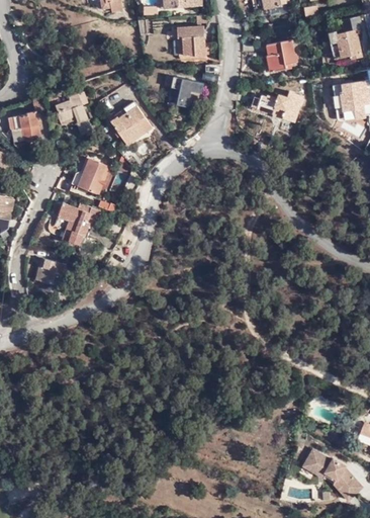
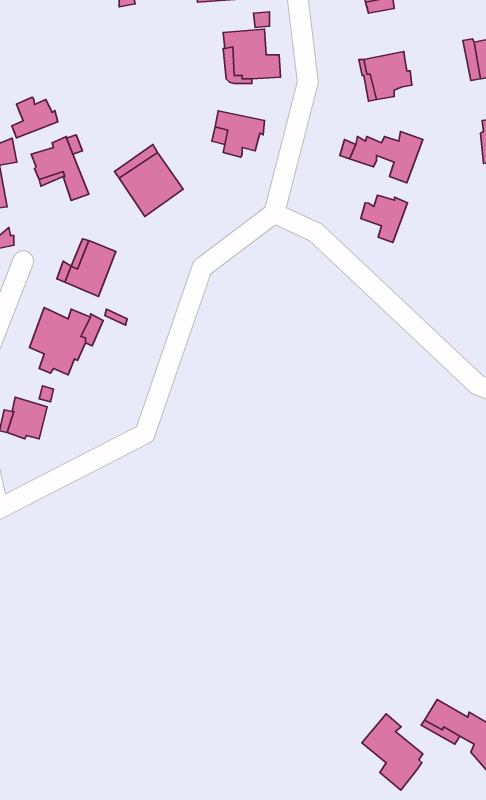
building: none -> [12,97,58,138]
building: none -> [361,195,407,243]
building: none -> [362,714,423,790]

